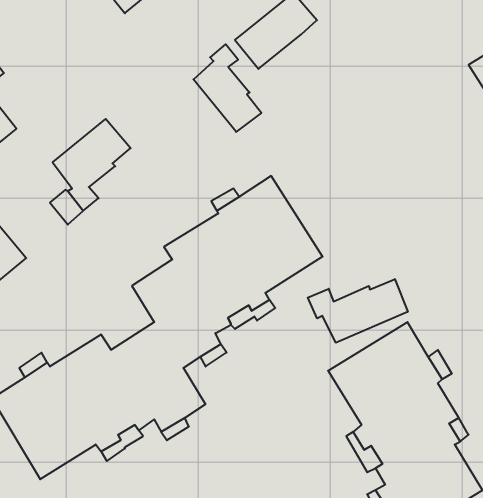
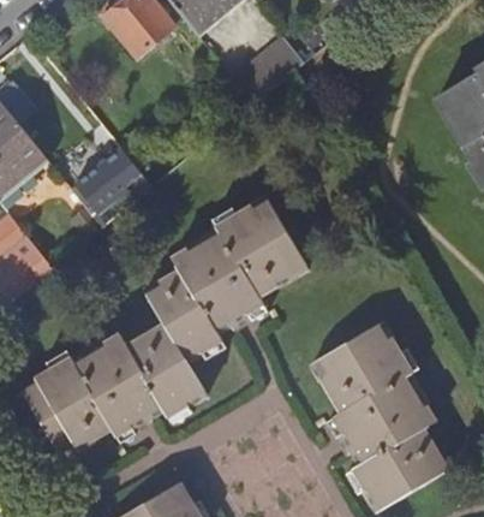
building: [193,44,261,132] -> none
building: [308,279,408,343] -> none

